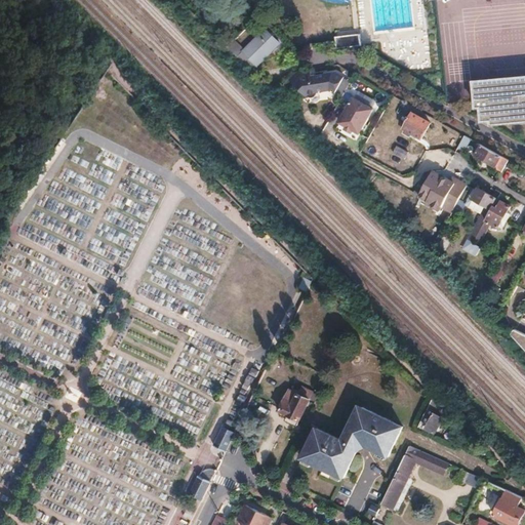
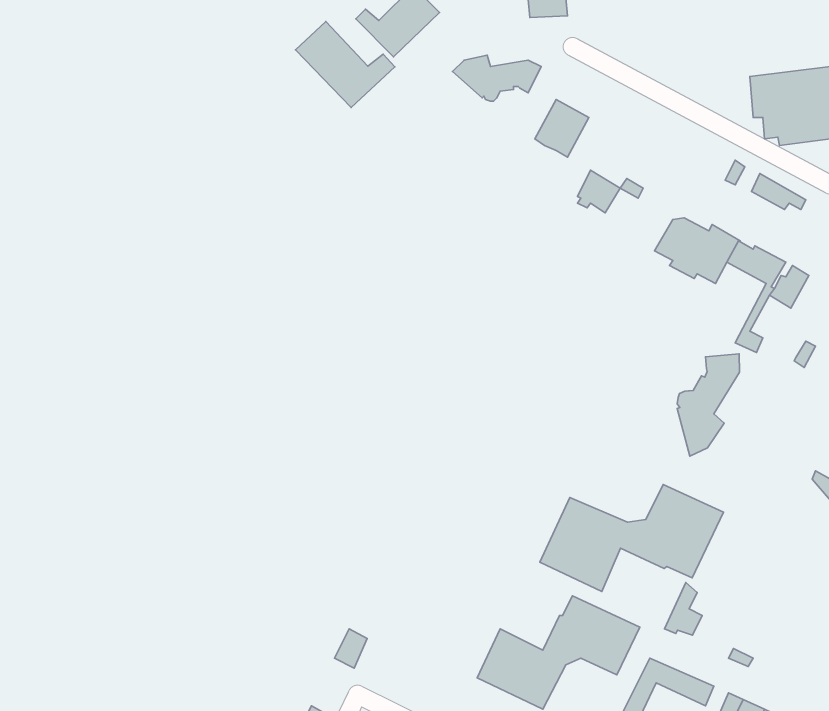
building: none -> [295,21,395,108]
building: [402,113,429,139] -> [577,170,620,213]
building: none -> [677,354,739,456]
building: none -> [540,484,724,591]
building: [279,385,313,423] -> none

